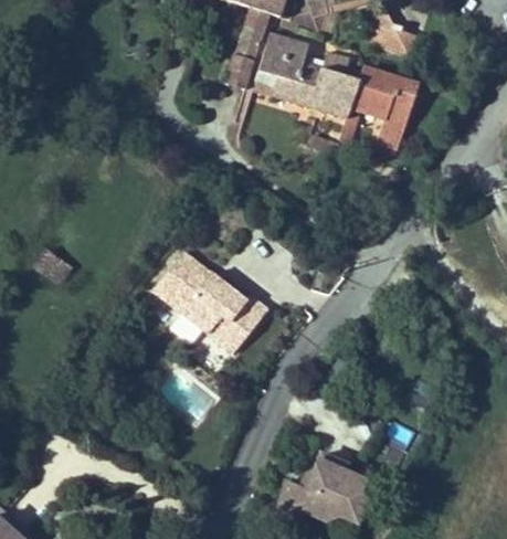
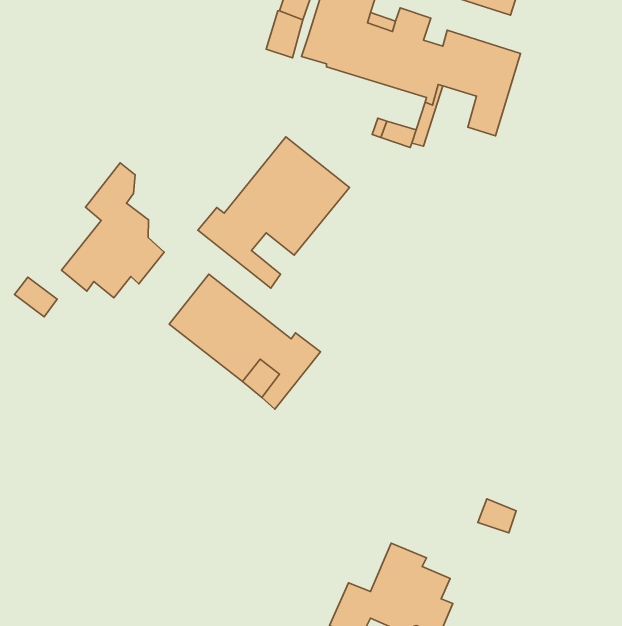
building: none -> [198,137,350,288]
building: none -> [61,163,164,298]

